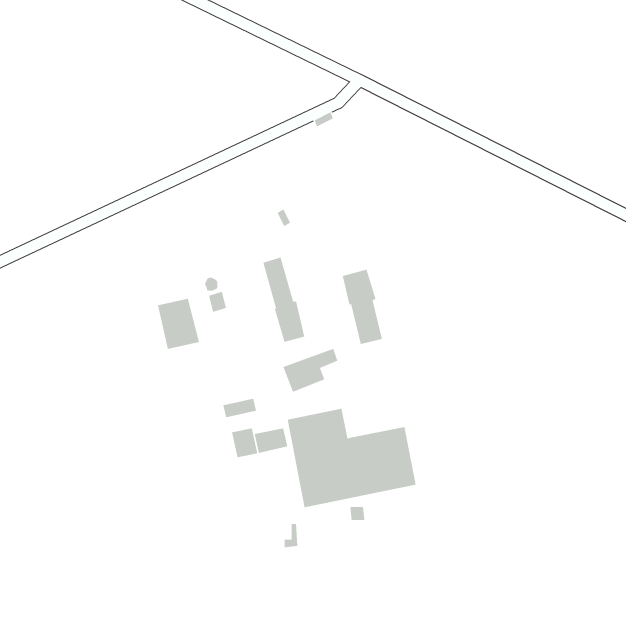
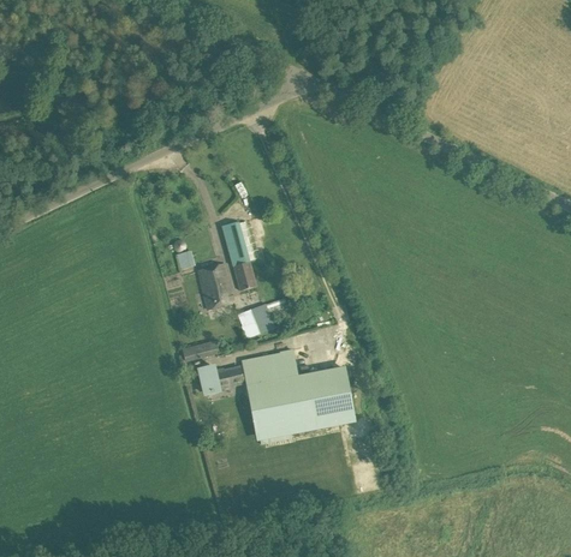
building: [342,269,382,345] -> none
building: [157,298,200,349] -> [198,265,234,309]

